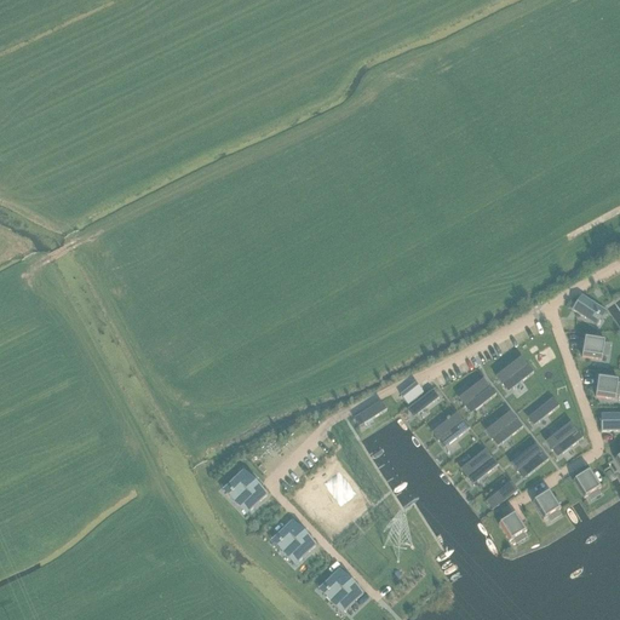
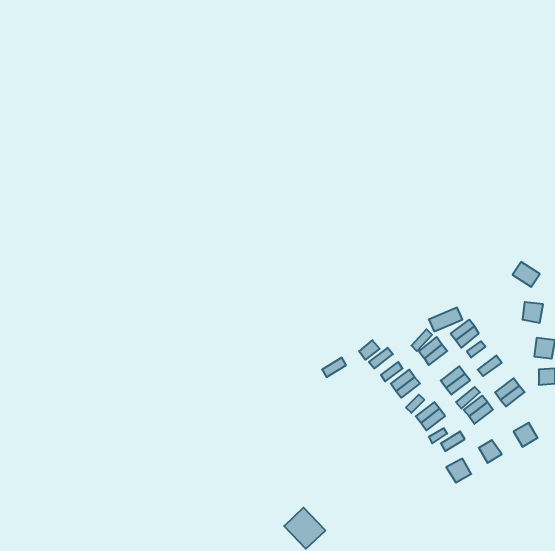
building: [220,466,266,512] -> none
building: [269,517,315,563] -> none

